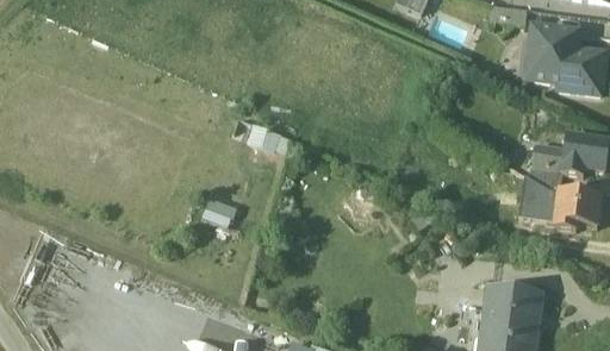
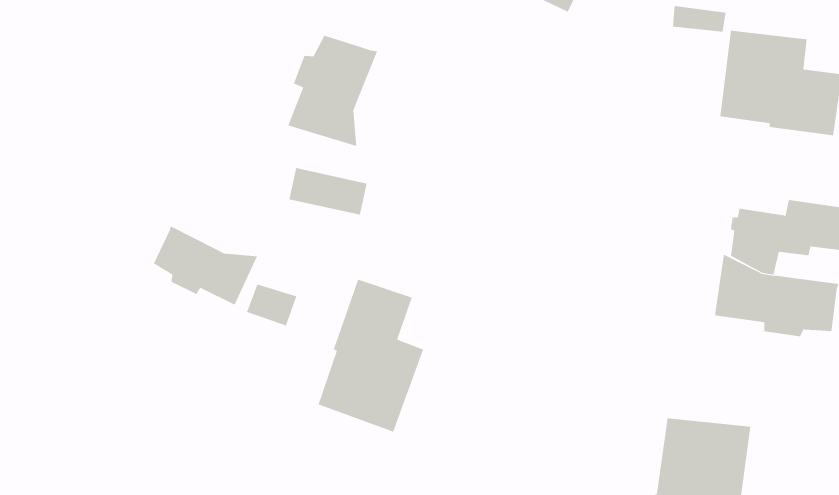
building: none -> [287,35,378,147]
building: none -> [153,226,258,305]
building: none -> [318,279,424,433]

